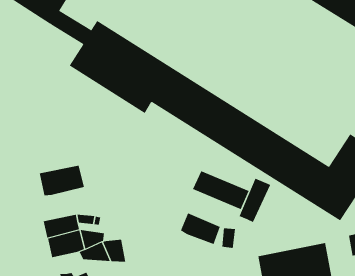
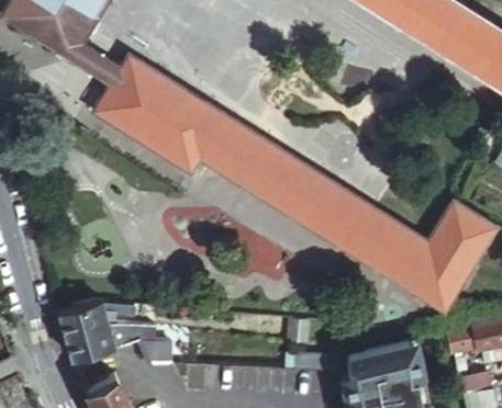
building: [39,165,85,196] -> none
building: [239,178,271,223] -> none
building: [180,213,221,245] -> none

